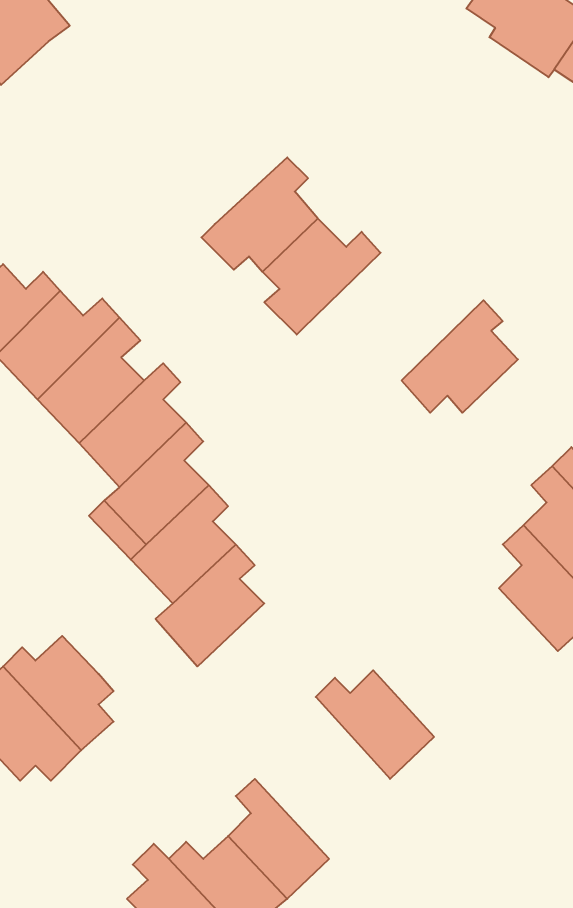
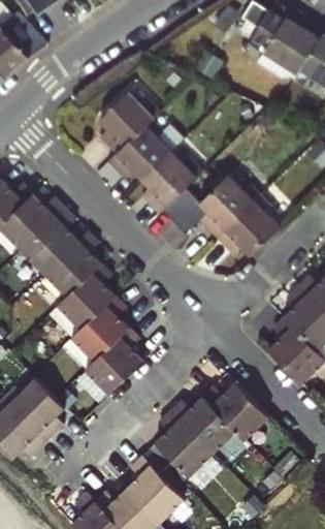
building: none -> [101,92,163,155]
building: none -> [201,176,262,240]
building: none -> [202,384,267,442]
building: none -> [154,411,212,479]

